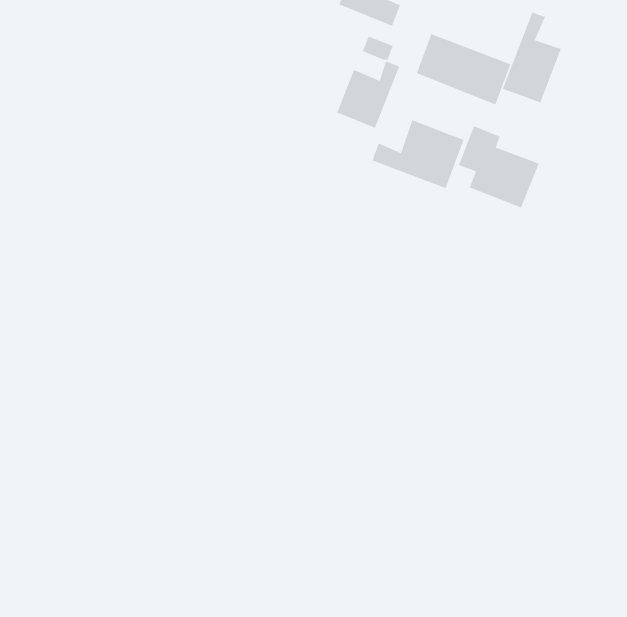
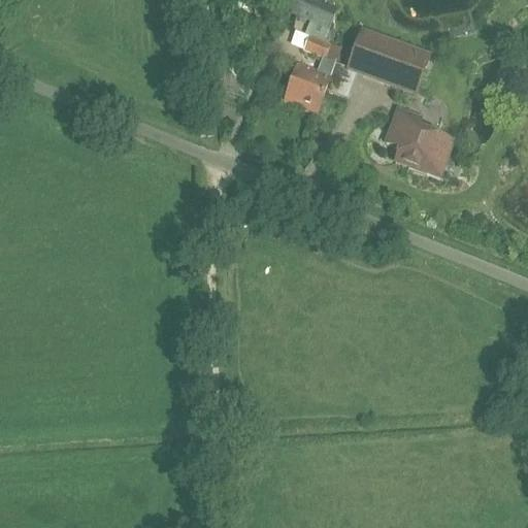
building: [502,11,562,103] -> none
building: [371,119,465,189] -> none

